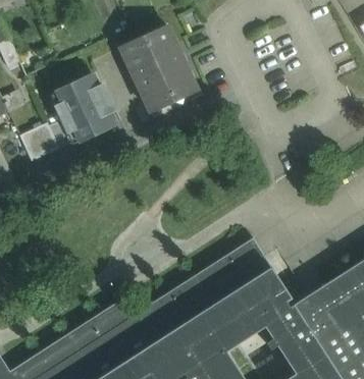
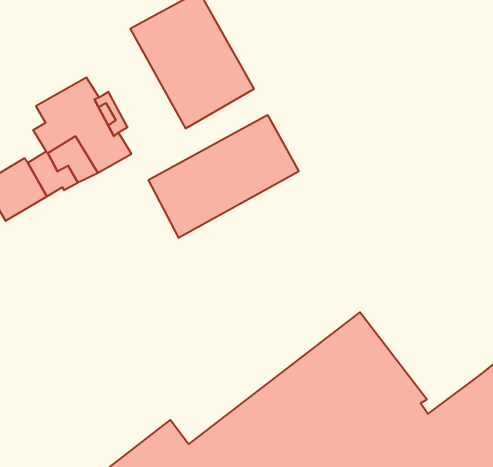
building: none -> [149,115,299,238]

